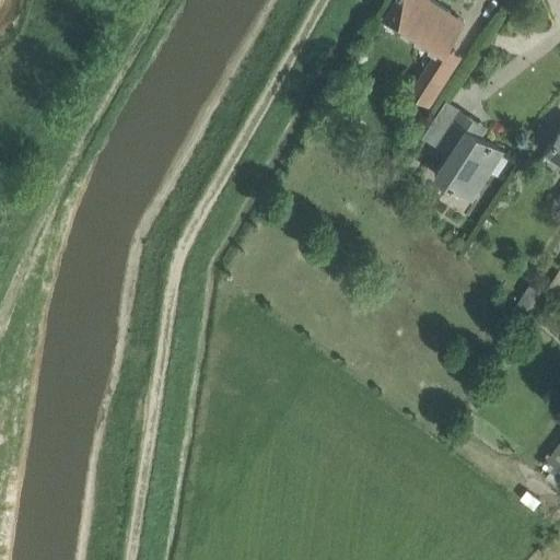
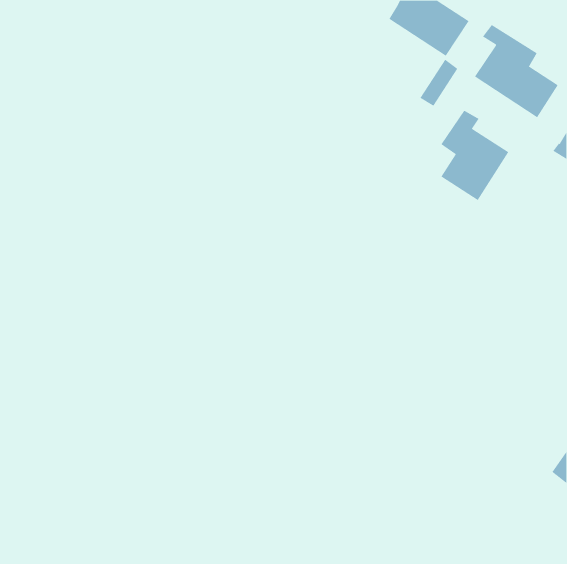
building: none -> [474,24,558,118]

